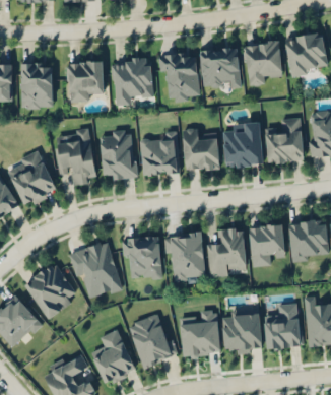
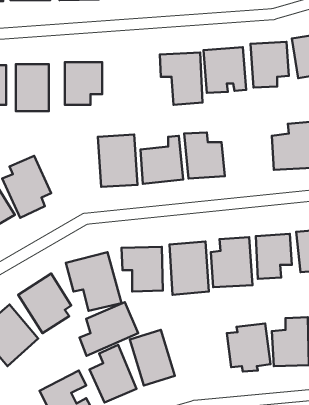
building: [114,56,152,104] -> none
building: [222,120,264,168] -> none
building: [54,127,96,184] -> none
building: none -> [80,302,138,356]
building: [181,311,221,356] -> none

